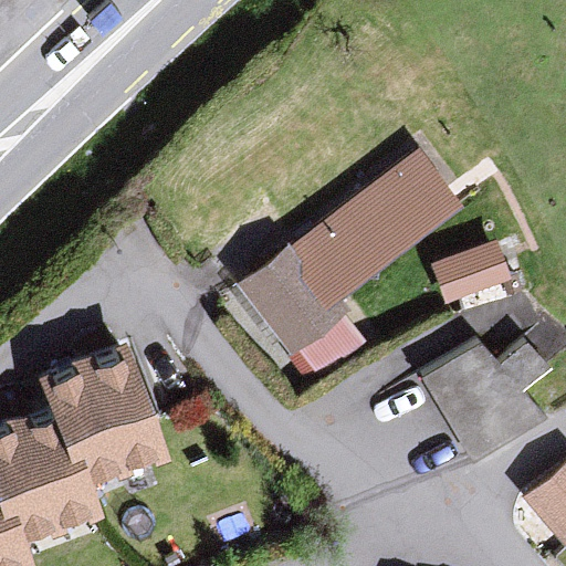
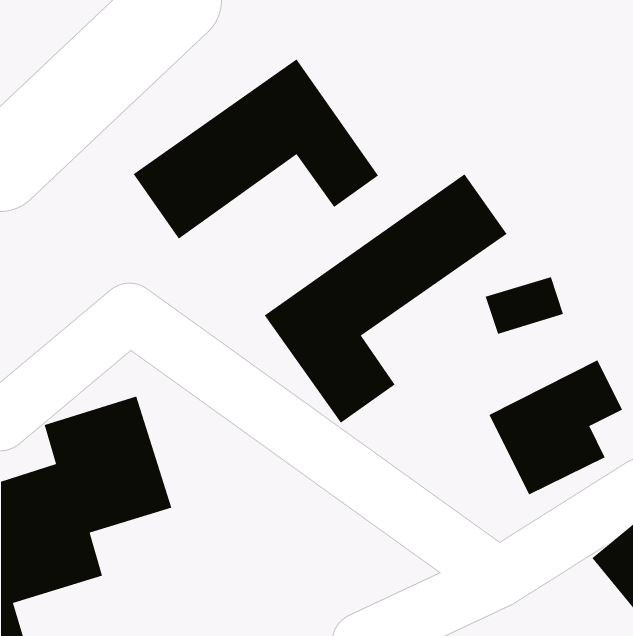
building: none -> [133,58,379,239]

